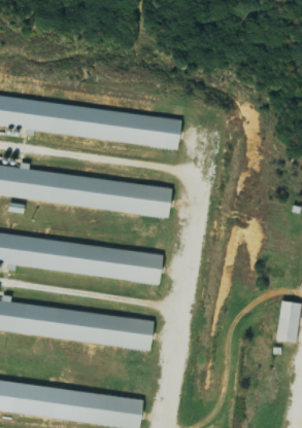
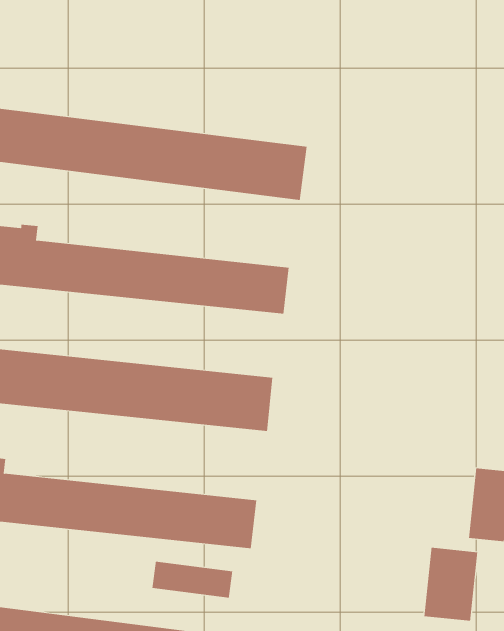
building: none -> [424,547,478,622]
building: none -> [152,561,233,598]

